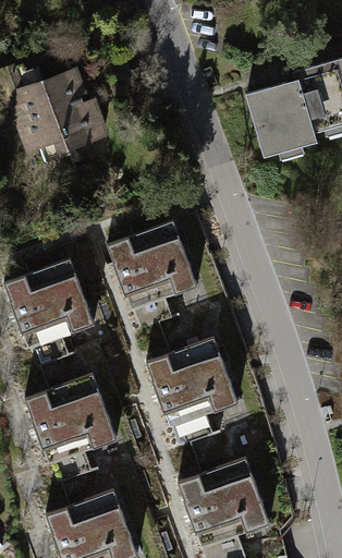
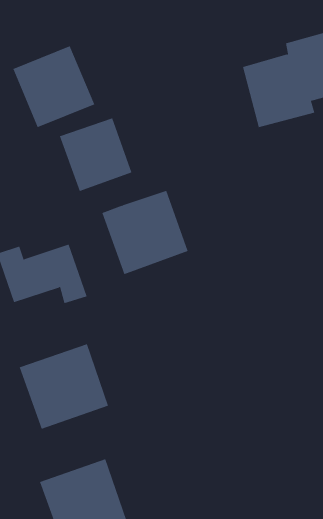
building: none -> [59,118,132,192]
building: [147,338,244,429] -> none
building: [181,464,269,546] -> none

